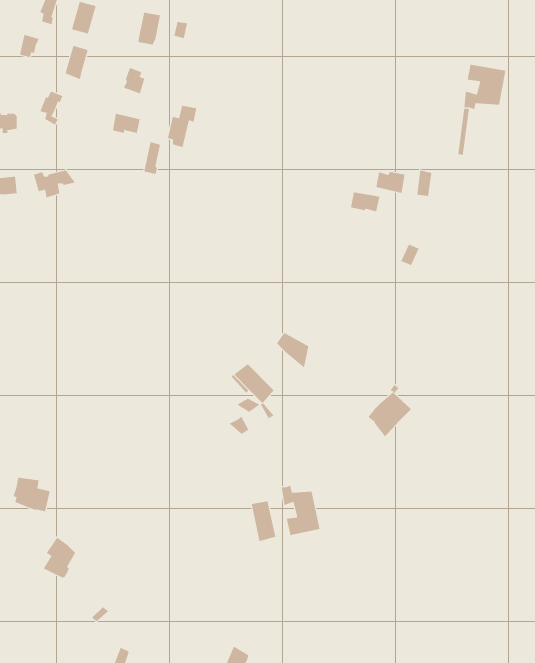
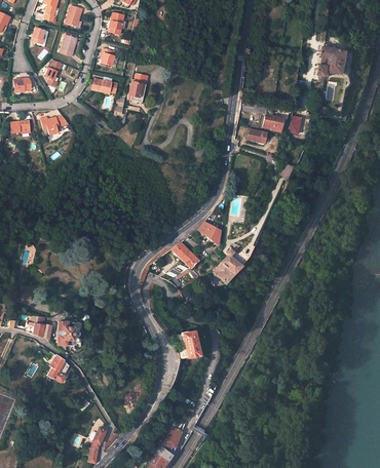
building: [368,384,412,437] -> [213,249,241,284]
building: [281,485,320,536] -> none
building: none -> [58,321,74,346]

